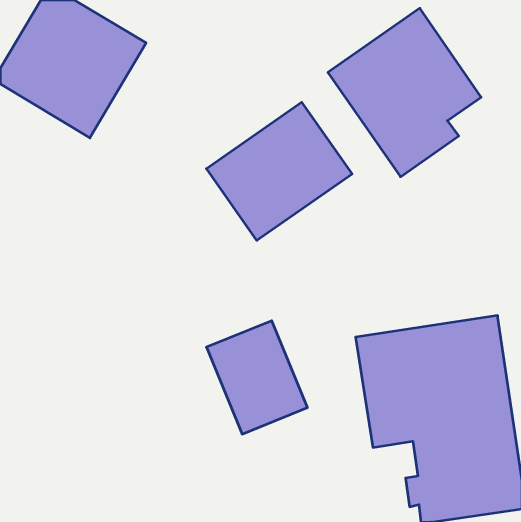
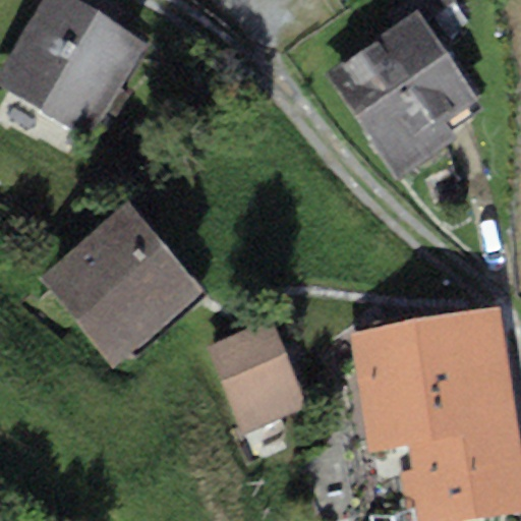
building: [206,102,352,240] -> none
building: none -> [40,201,201,363]

